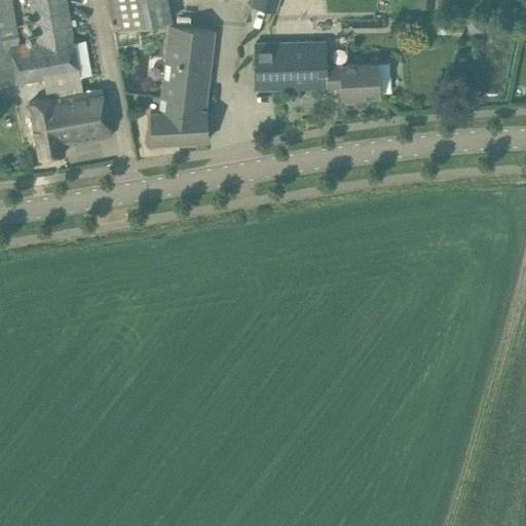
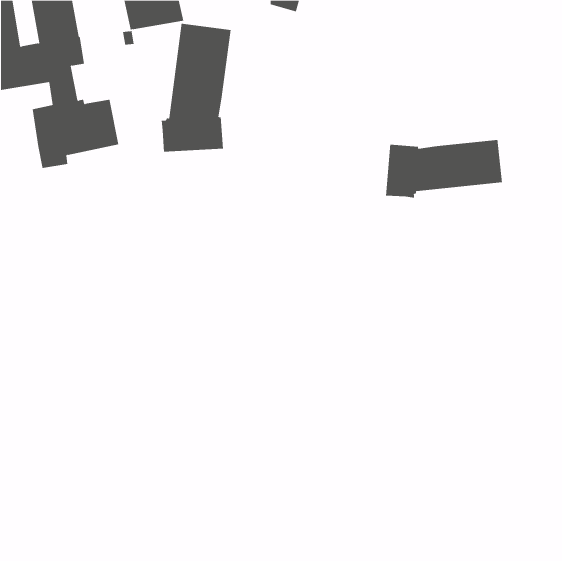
building: [254,40,379,98] -> none
building: none -> [385,139,503,198]

